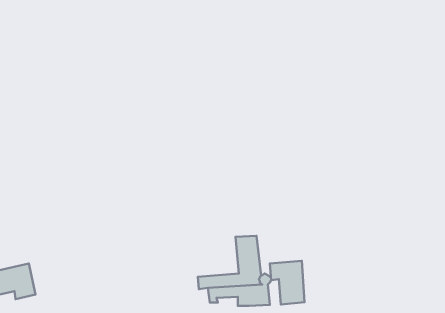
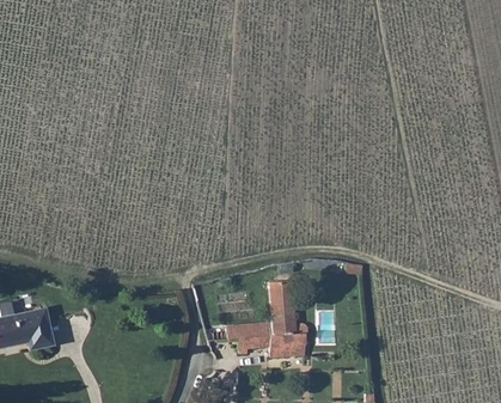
building: [270,261,304,304] -> none

